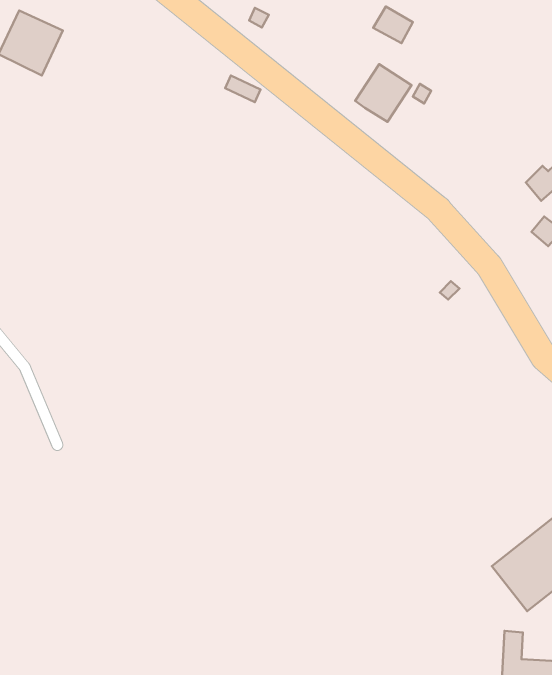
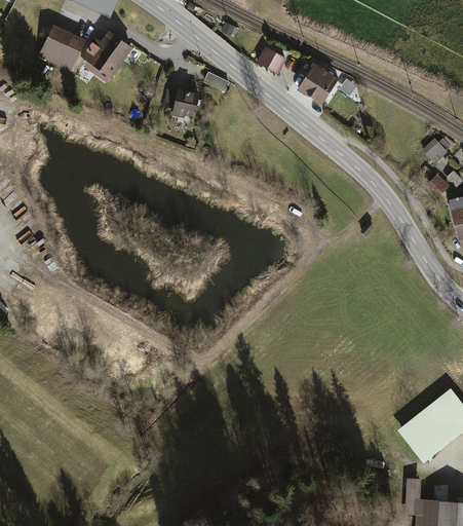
building: [373,7,413,43] -> [257,48,285,75]
building: none -> [81,31,131,82]
building: none -> [163,88,200,118]

